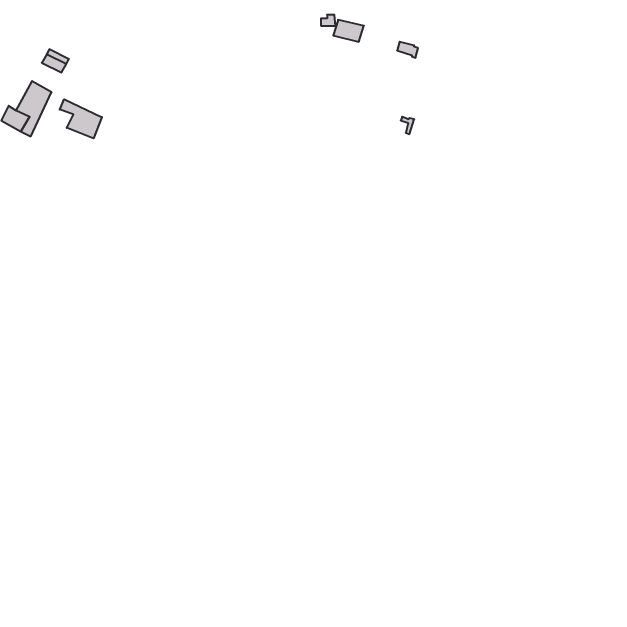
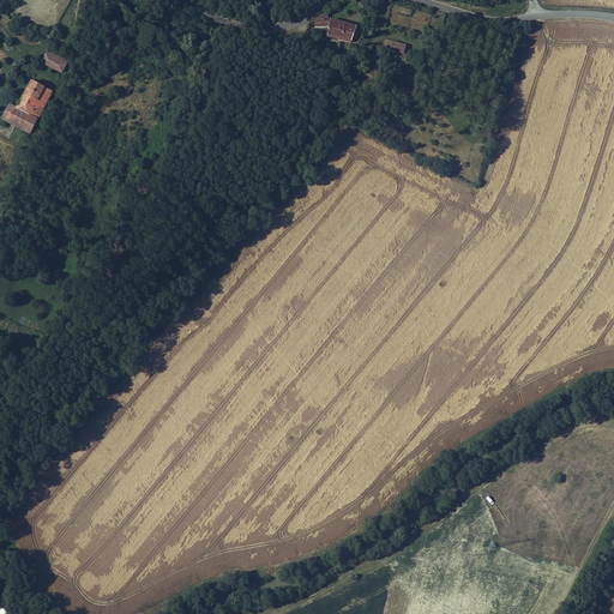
building: [60,99,102,138] -> none

